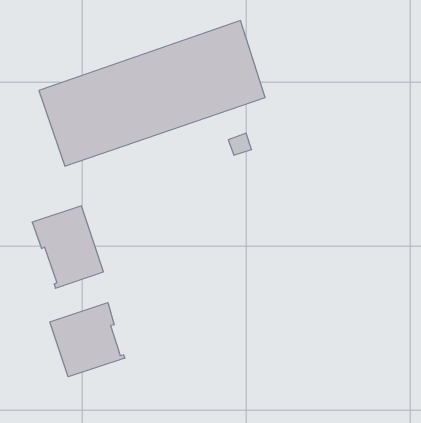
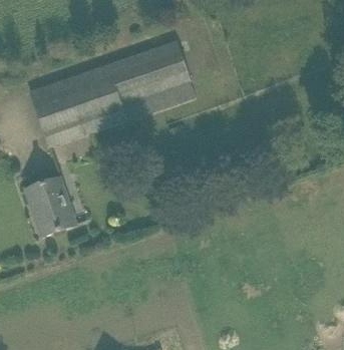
building: [50,303,125,377] -> none

